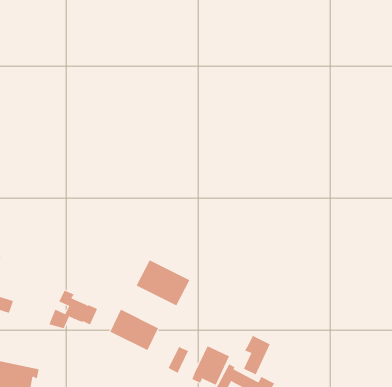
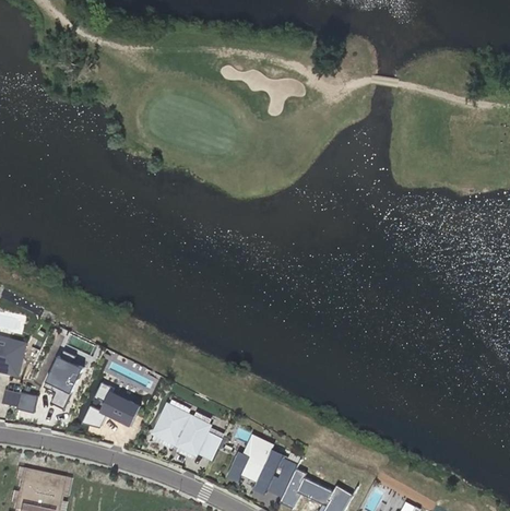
building: [136,260,190,306] -> none
building: none -> [43,350,83,409]
building: [243,335,271,375] -> [240,435,273,483]

